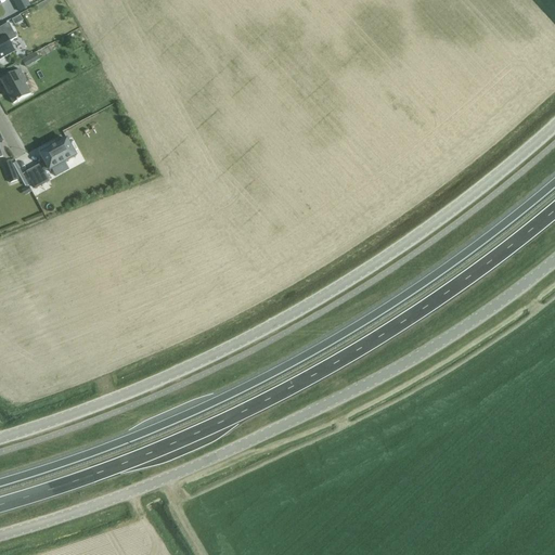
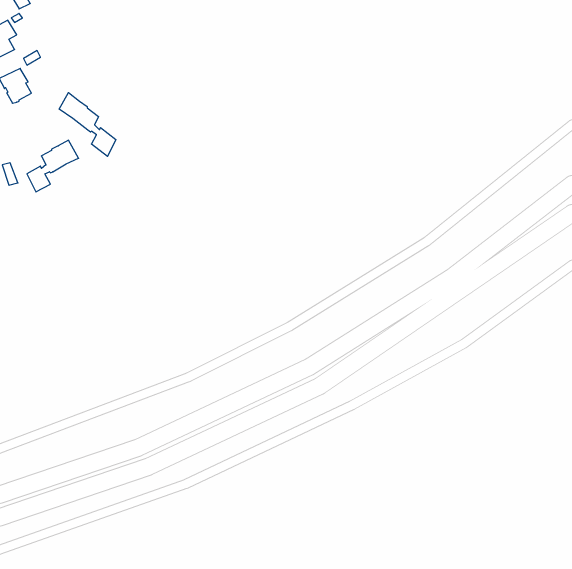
building: none -> [59,93,116,156]

